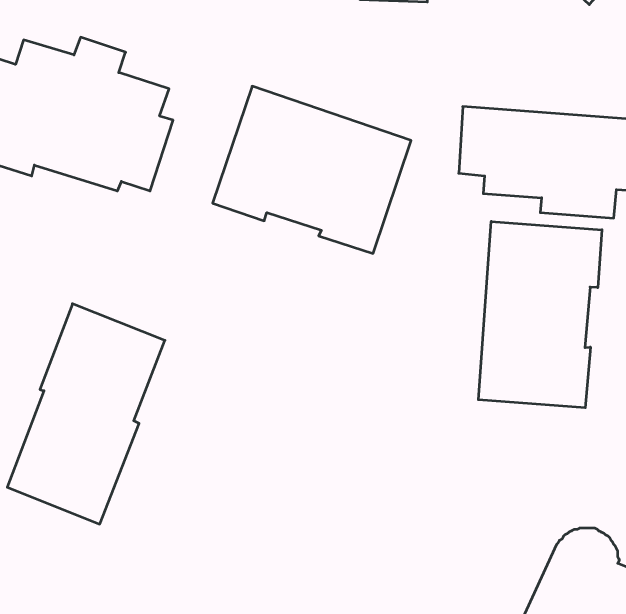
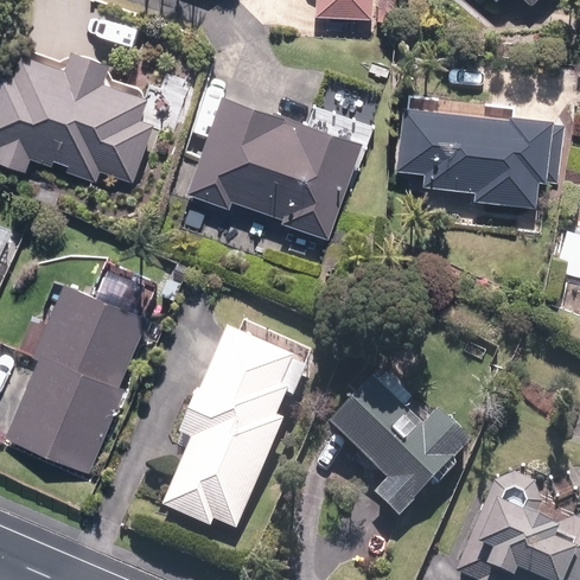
building: [478,221,602,408] -> none
building: none -> [164,330,310,529]
building: none -> [330,369,472,520]

